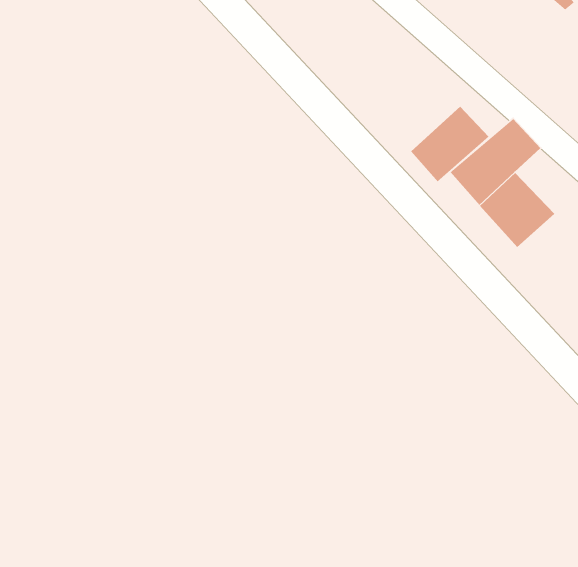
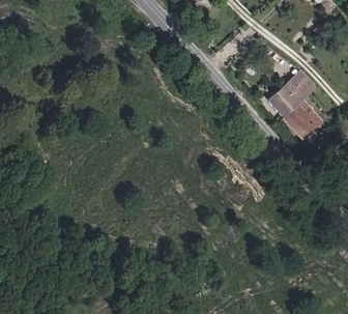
building: [410,106,490,182] -> none

